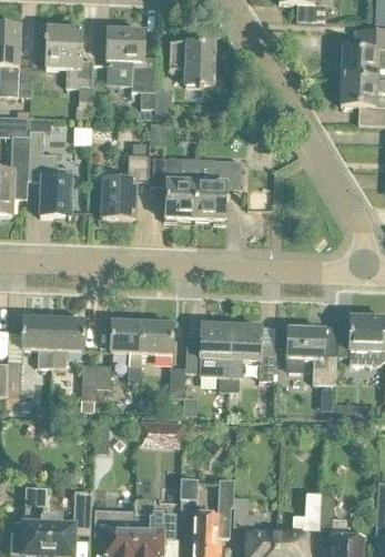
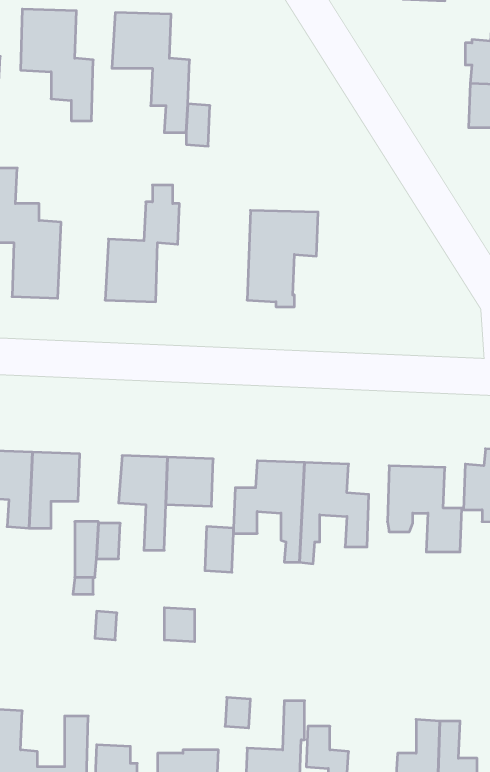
building: [169,40,214,85] -> none
building: [151,156,196,220] -> none

